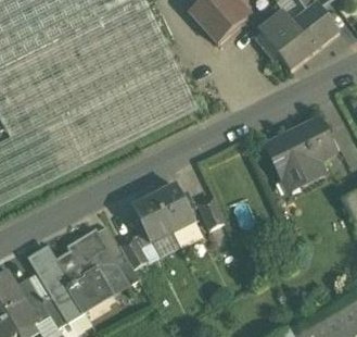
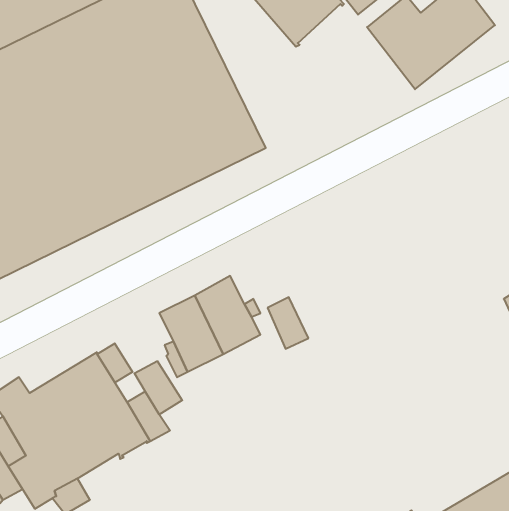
building: [267,118,336,184] -> none

